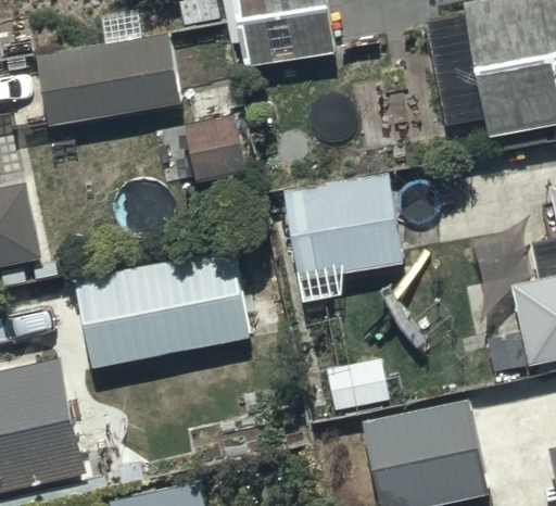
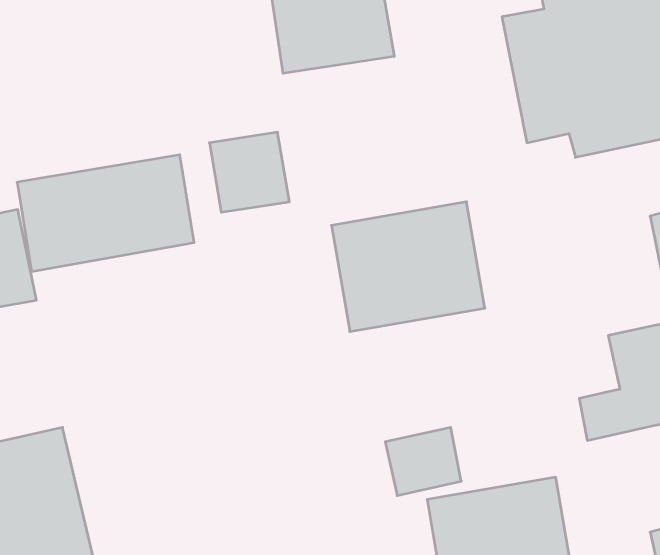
building: [43,31,190,128] -> [17,155,194,271]
building: [72,242,251,369] -> none

